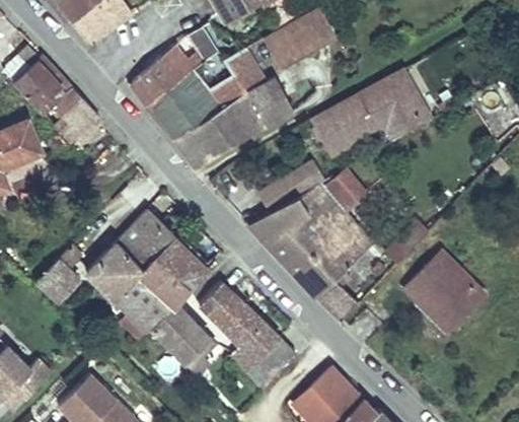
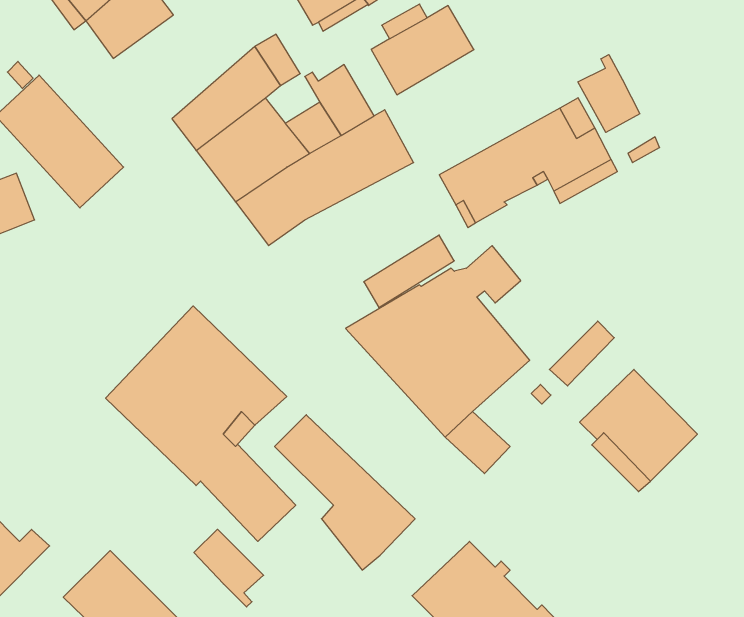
building: none -> [578,55,640,132]
building: [38,247,78,299] -> none
building: none -> [194,529,264,607]

